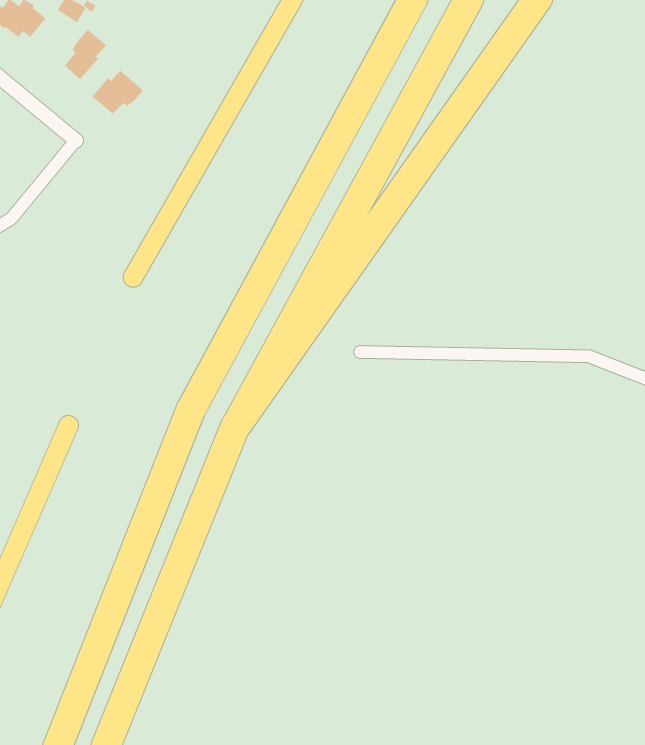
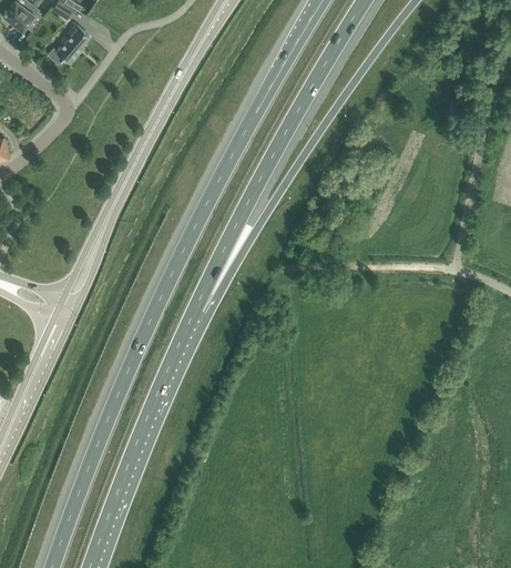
building: [91,69,144,114] -> none

